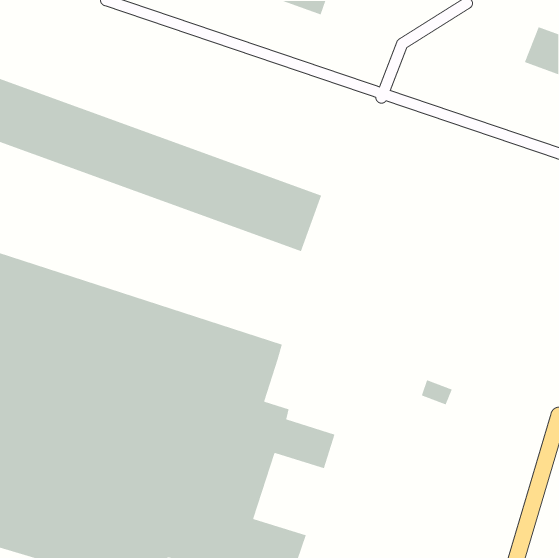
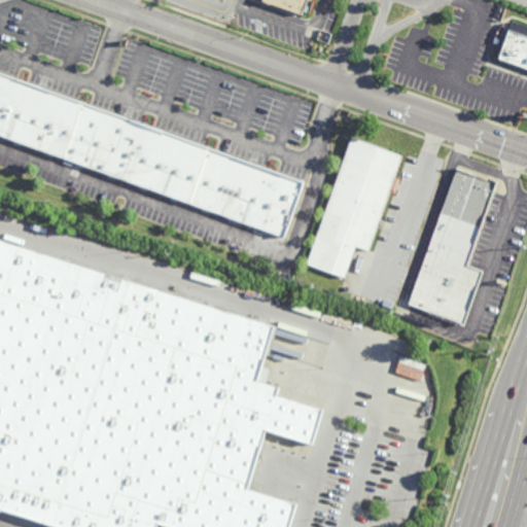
building: none -> [306,138,402,279]
building: none -> [408,170,494,325]

